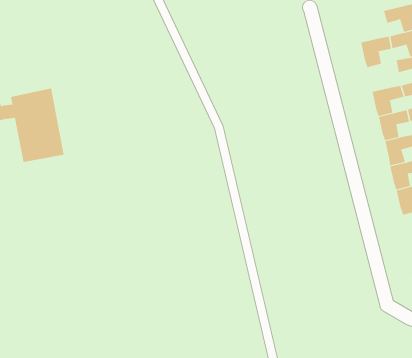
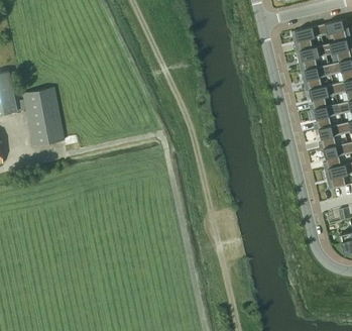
building: none -> [295,26,321,51]
building: none -> [305,66,330,91]

